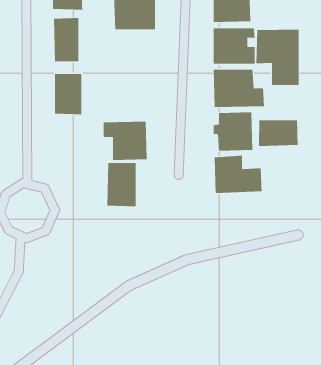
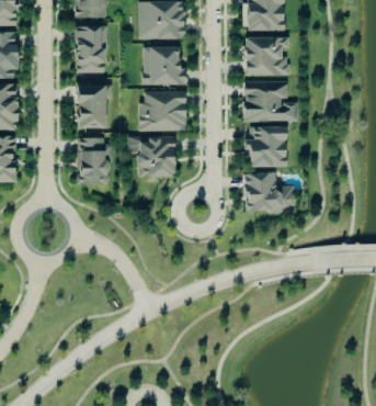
building: [256,29,299,86] -> none
building: none -> [143,46,184,86]
building: none -> [140,91,185,132]
building: [259,119,298,147] -> none
building: [106,162,136,207] -> [77,138,109,185]

